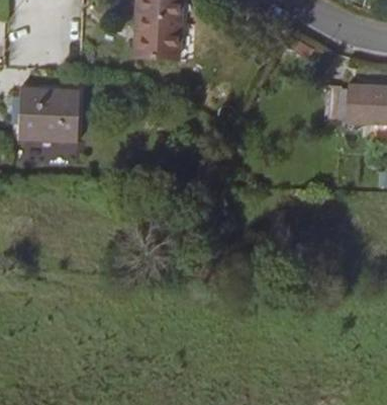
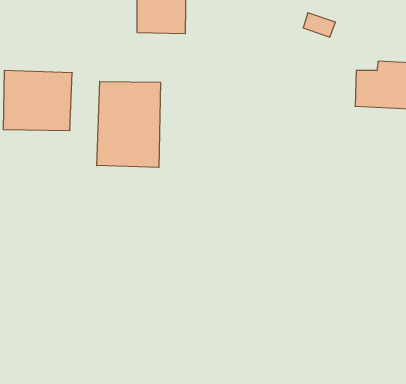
building: none -> [97,81,160,168]

